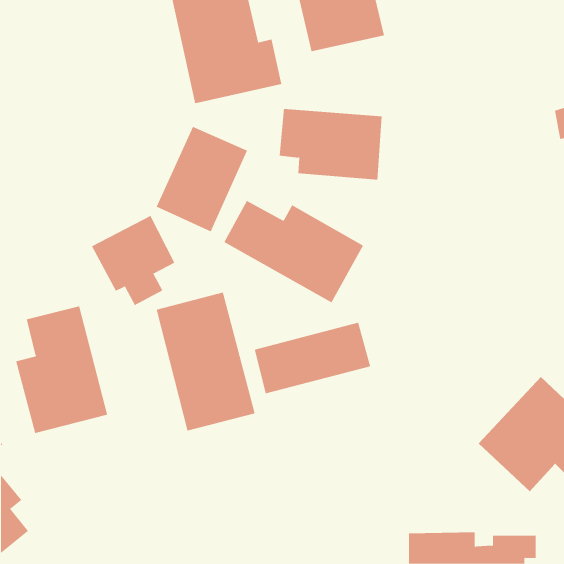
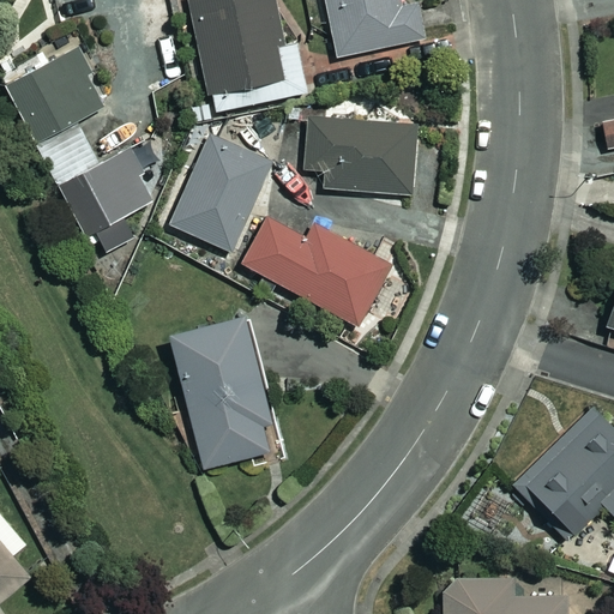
building: none -> [7,47,103,142]
building: [91,215,175,306] -> [60,154,151,252]
building: [16,305,108,434] -> none
building: [254,322,371,394] -> none

